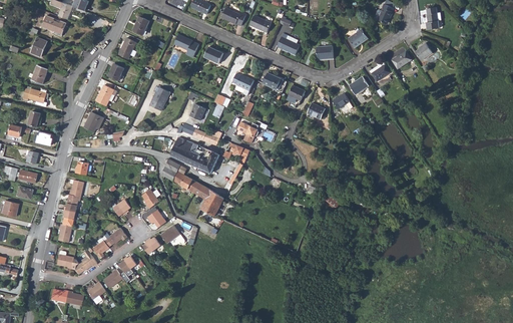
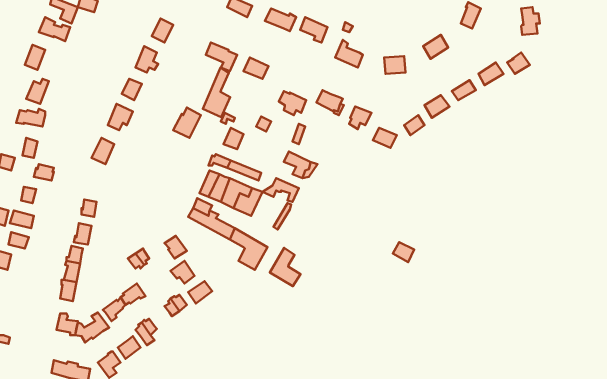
building: none -> [203,68,230,117]
building: none -> [270,248,300,286]

